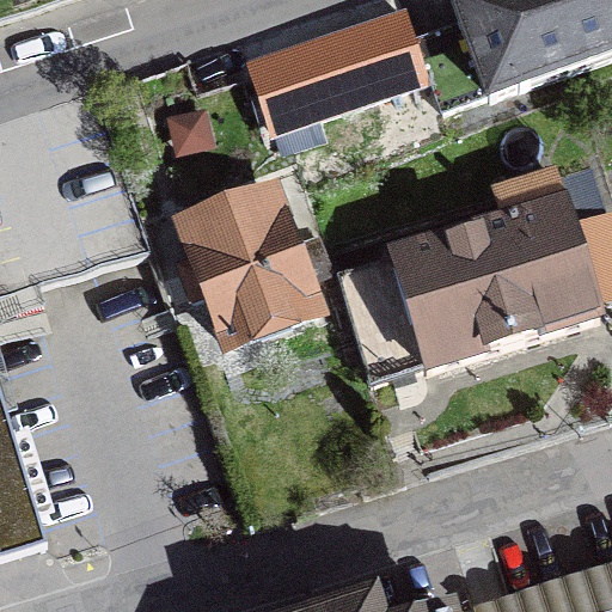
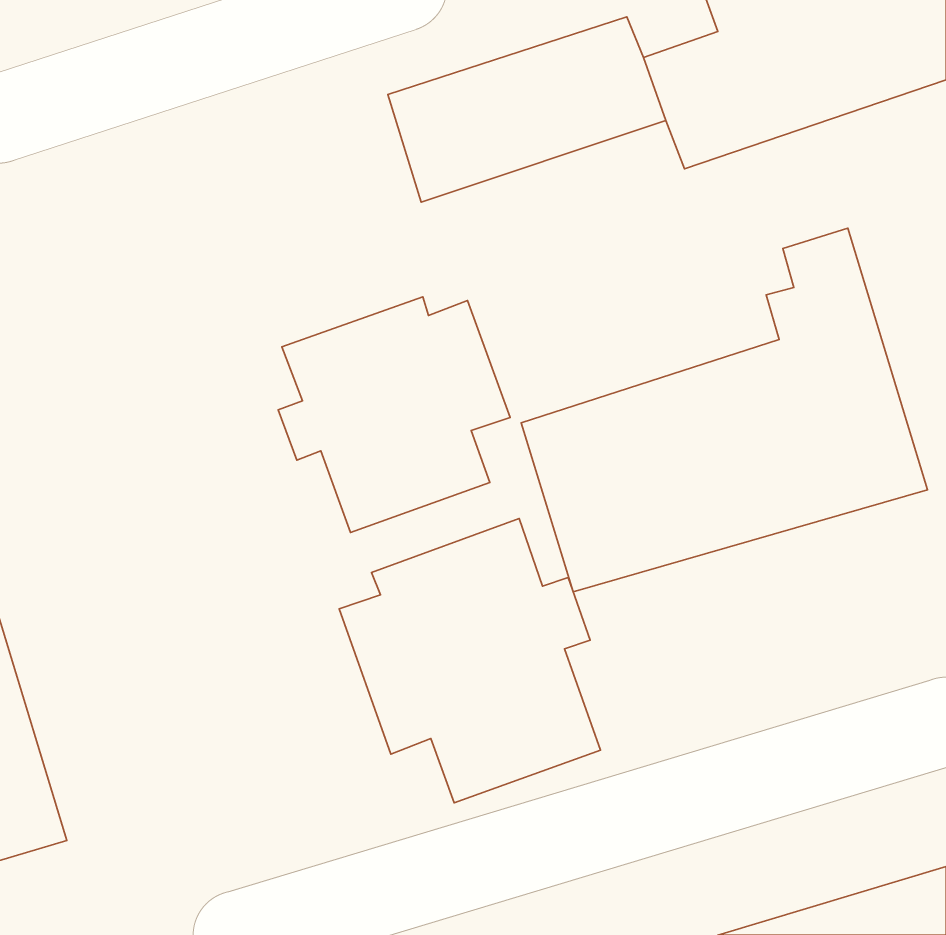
building: none -> [339,519,601,803]

